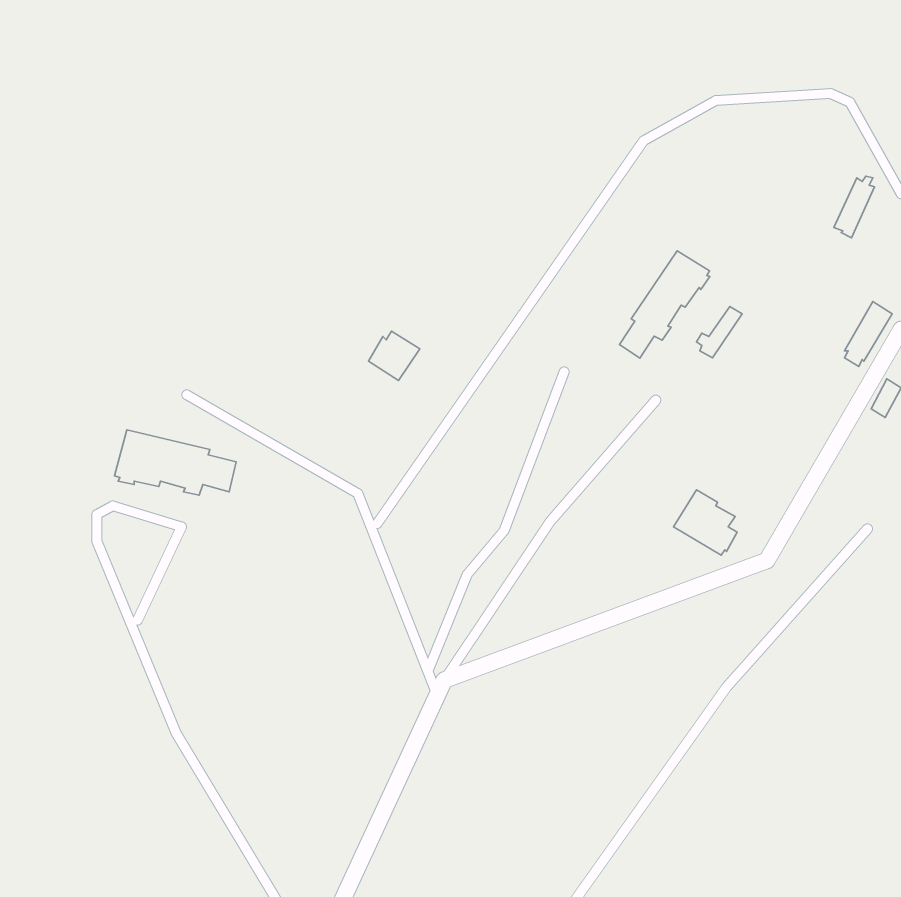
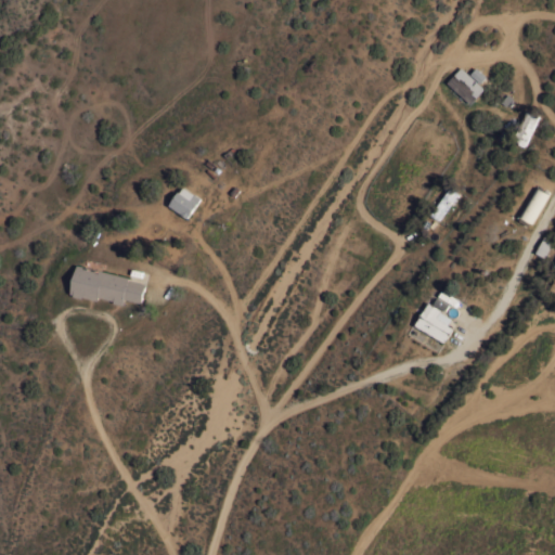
building: none -> [447,68,485,105]
building: [619,251,710,358] -> none
building: [369,331,420,381] -> [169,189,201,219]

